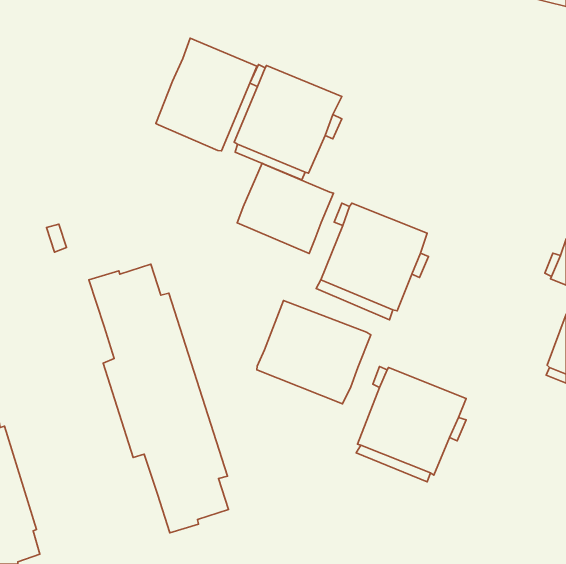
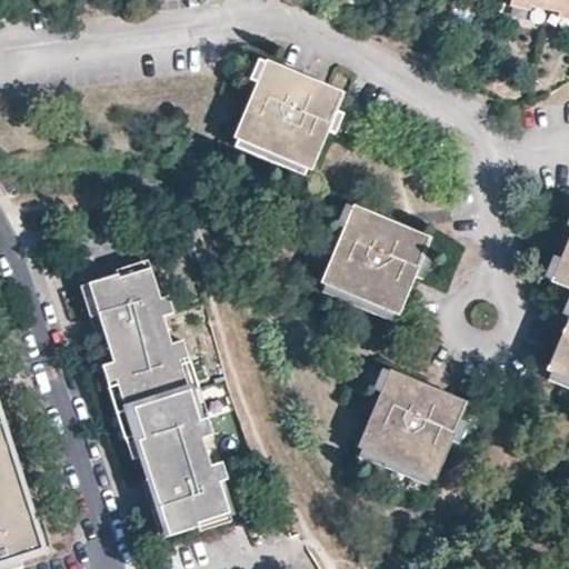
building: [156,38,257,151] -> none
building: [237,163,333,253] -> none
building: [257,301,371,404] -> none

